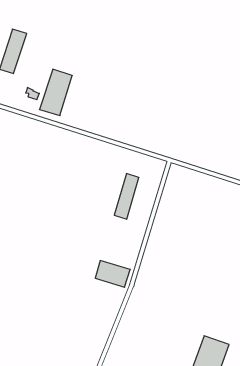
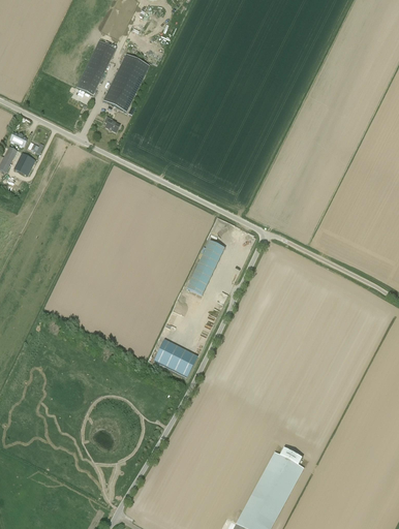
building: [39,69,72,116] -> [102,53,149,111]

